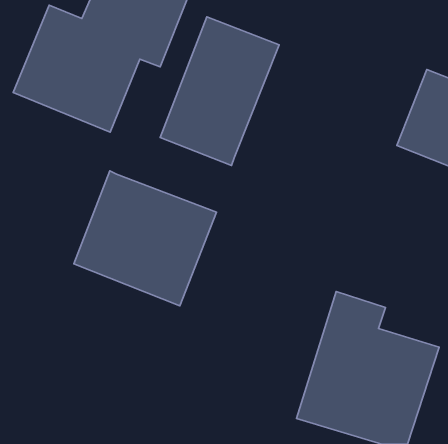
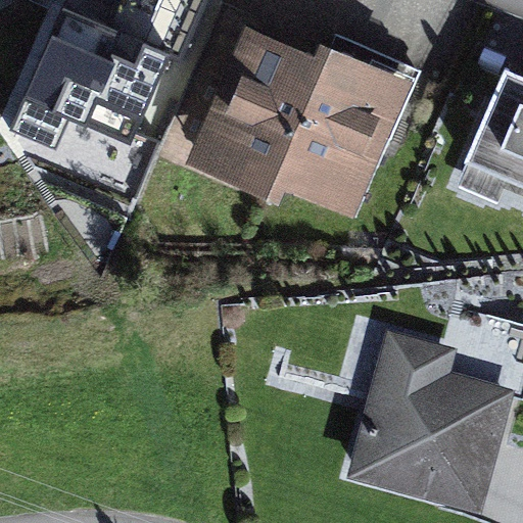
building: none -> [274,43,412,216]
building: [74,171,216,306] -> none

